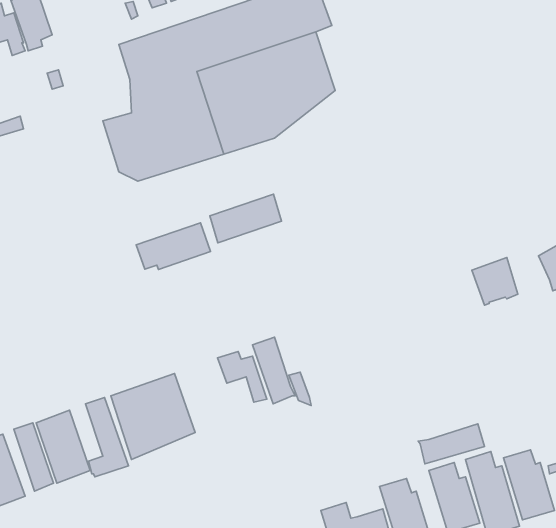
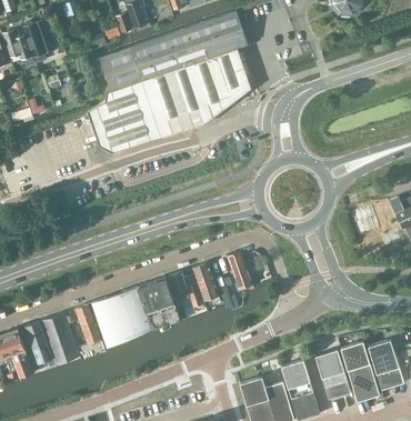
building: [210,194,281,243] -> none
building: [136,223,210,269] -> none
building: none -> [225,250,252,289]
building: none -> [137,277,179,329]
building: [418,424,484,464] -> none

